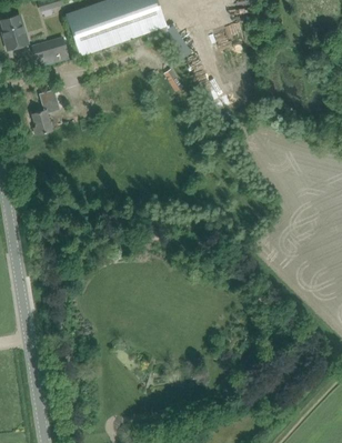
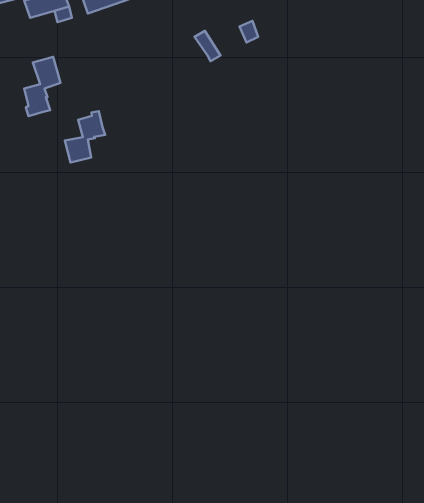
building: none -> [65,111,105,163]

